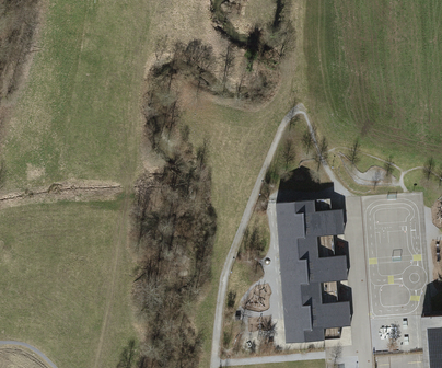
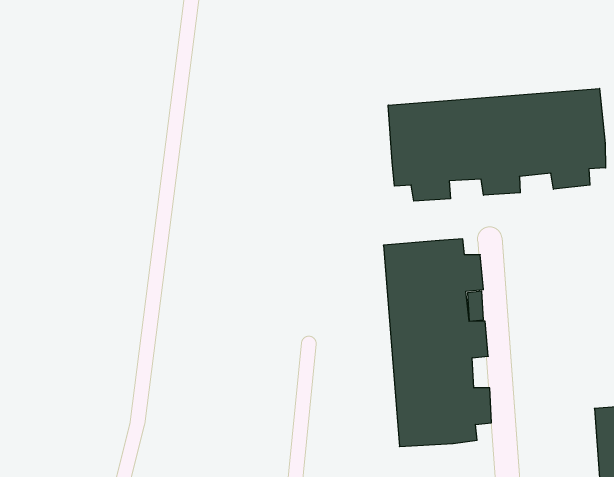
building: none -> [388,88,606,201]

